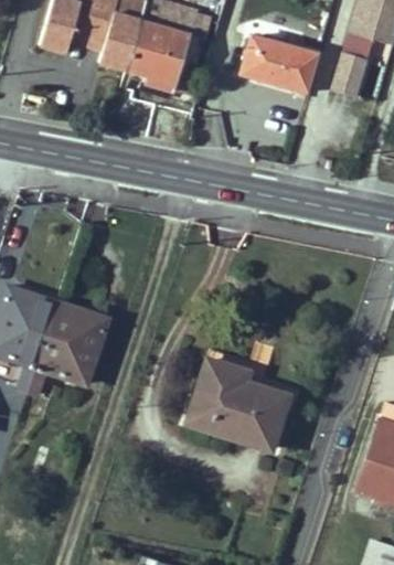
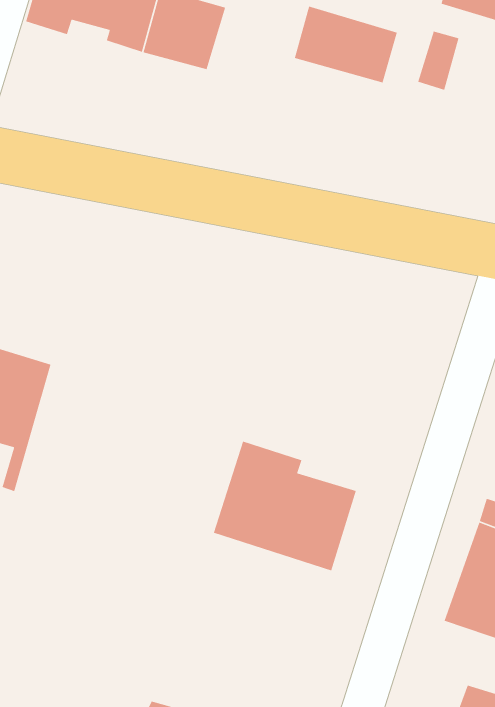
building: [31,301,105,399] -> none

